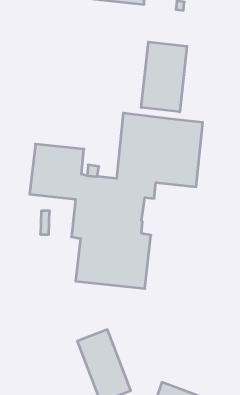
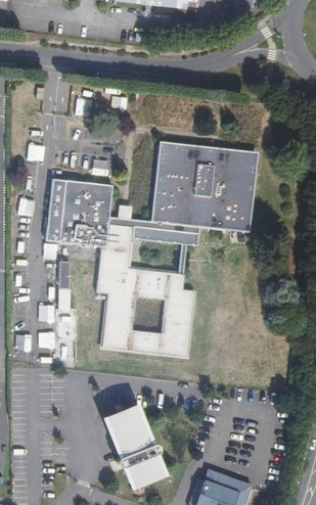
building: [141,42,187,112] -> none

